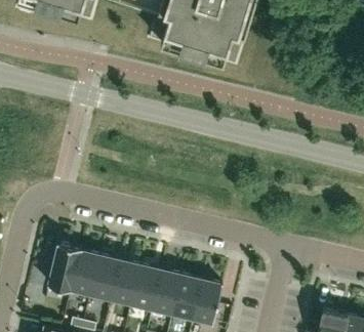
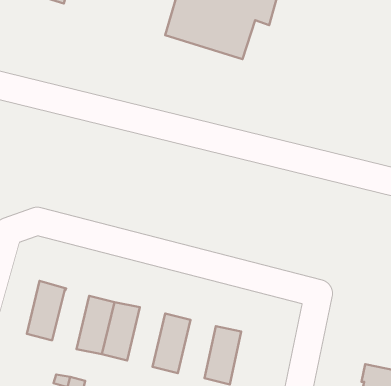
building: [69,248,99,296] -> none
building: [130,262,161,310] -> none
building: [171,273,202,320] -> none

